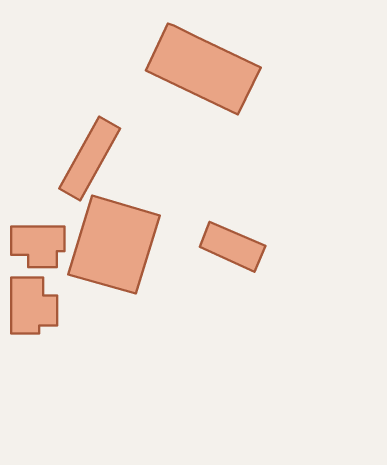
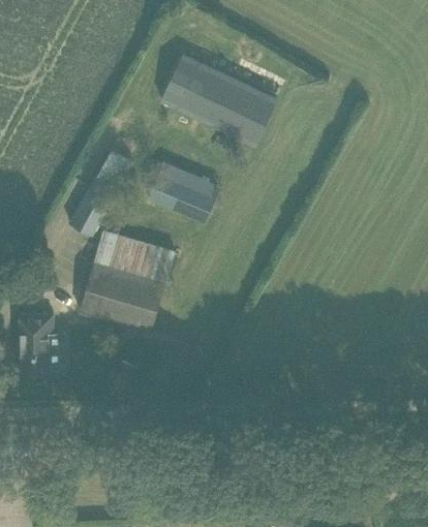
building: [200,222,266,272] -> [148,173,216,224]
building: [11,227,64,267] -> none

